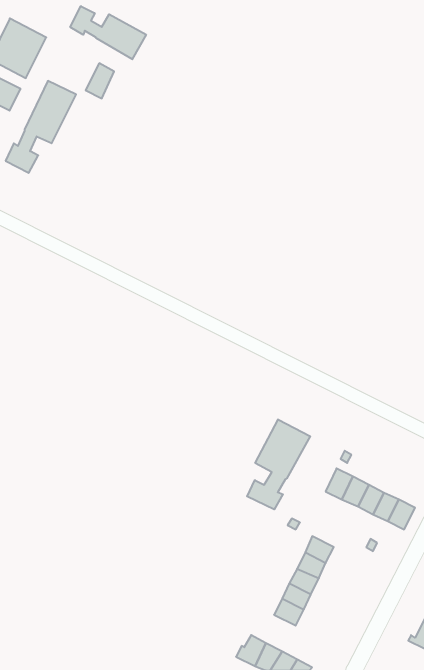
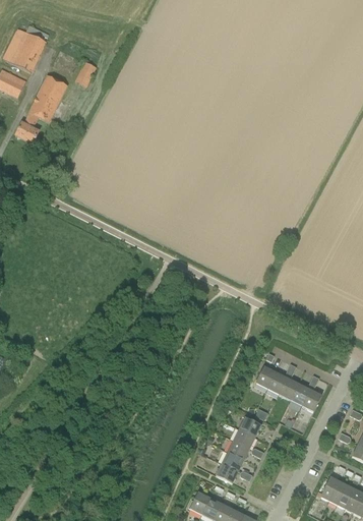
building: [70,6,146,59] -> none
building: [247,419,310,509] -> none

